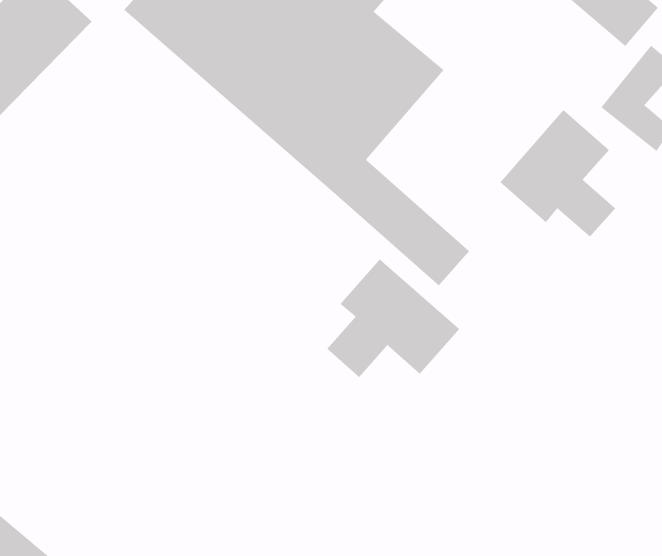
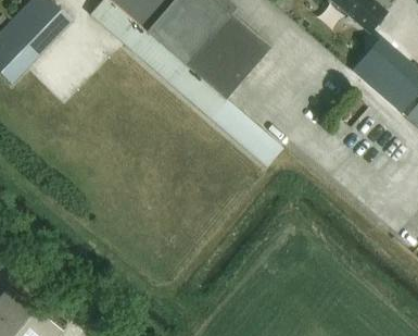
building: [500,109,616,238] -> none
building: [327,258,460,378] -> none

